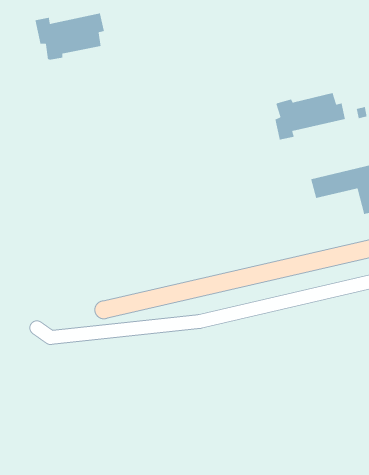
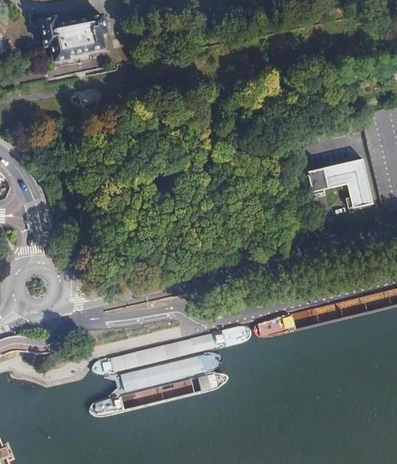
building: [274,92,346,141] -> none

